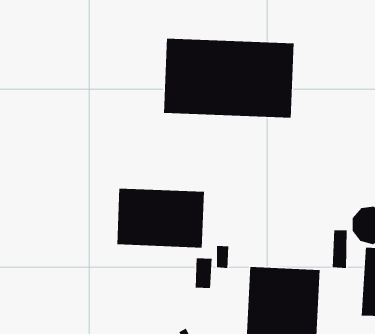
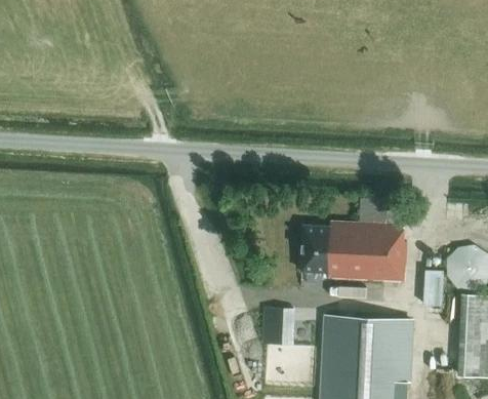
building: [163,38,295,118] -> none
building: none -> [302,203,407,280]
building: [116,188,205,248] -> none

